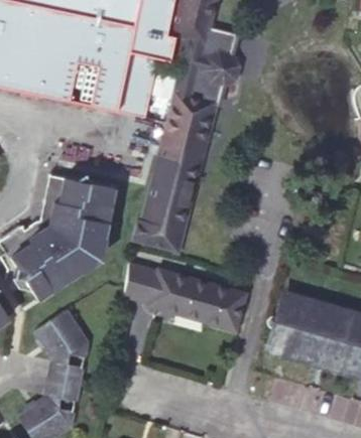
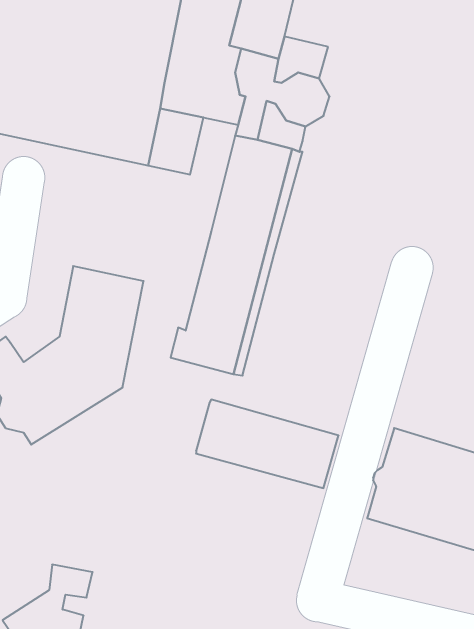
building: [24,176,67,244] -> none
building: [126,264,158,303] -> none
building: [36,312,88,385] -> none

